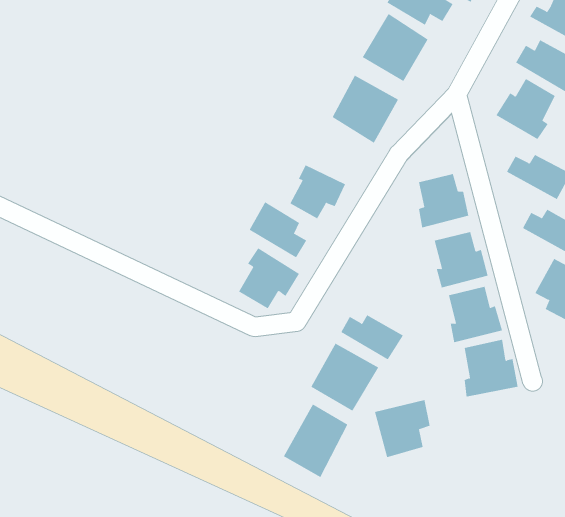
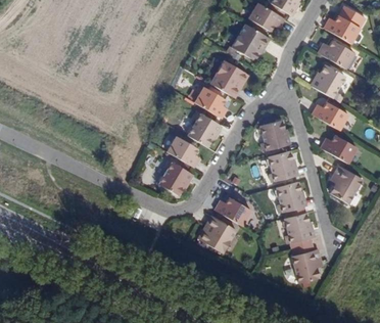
building: none -> [192,86,226,119]
building: [374,400,431,458] -> [290,252,323,286]
building: [283,404,348,478] -> none

